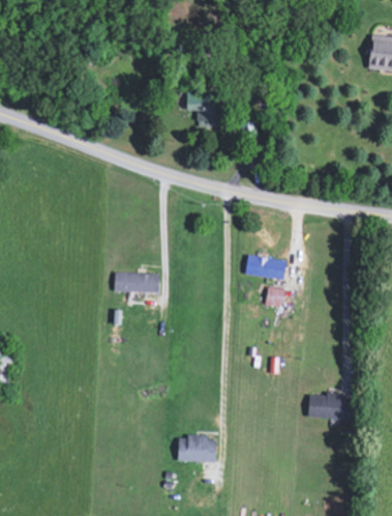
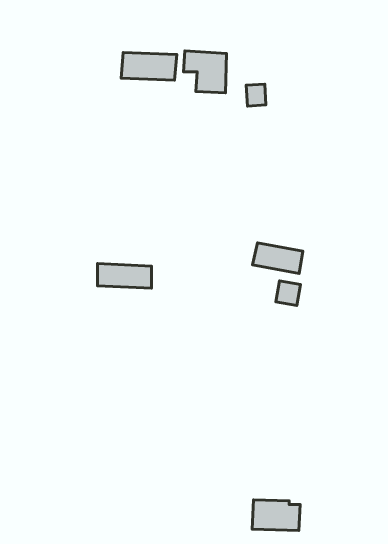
building: none -> [121,52,177,80]
building: [307,392,351,419] -> none
building: [177,435,217,461] -> [252,500,300,530]

